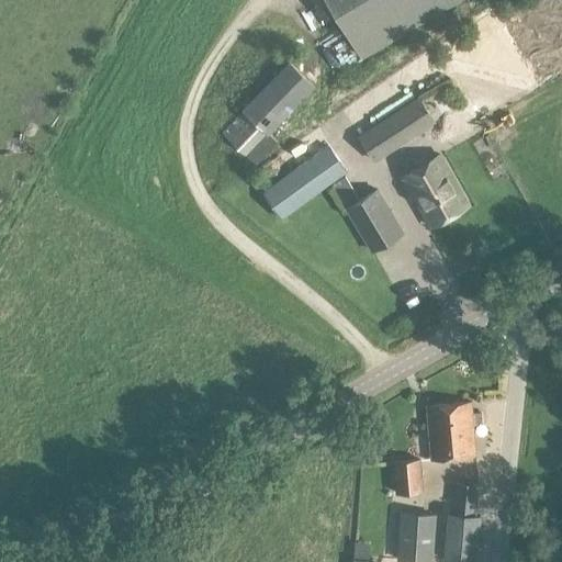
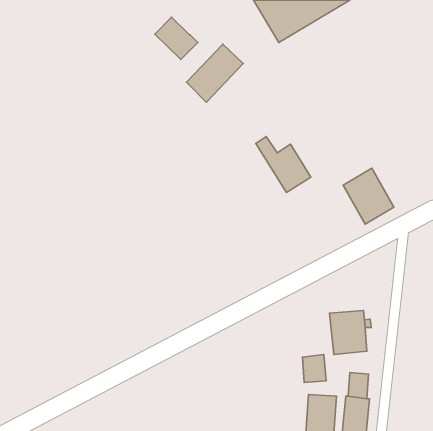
building: [358,98,434,164] -> none
building: [222,112,278,167] -> [155,17,198,60]
building: [266,151,339,215] -> none
building: [402,157,468,229] -> [343,168,394,224]

